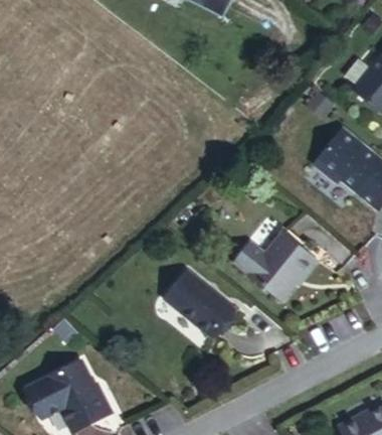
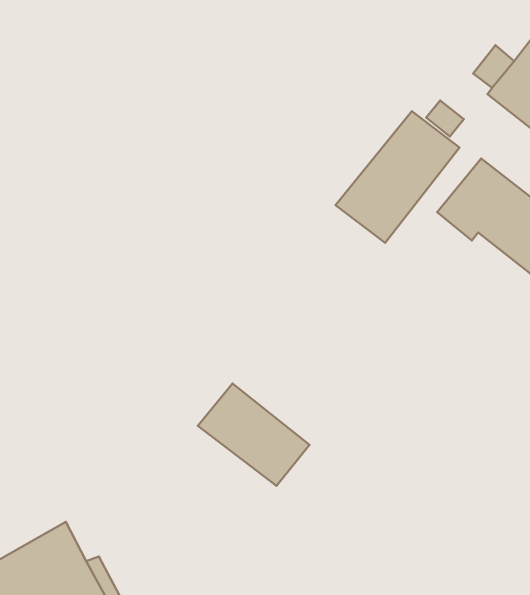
building: none -> [335,111,459,243]
building: [233,236,315,302] -> none

